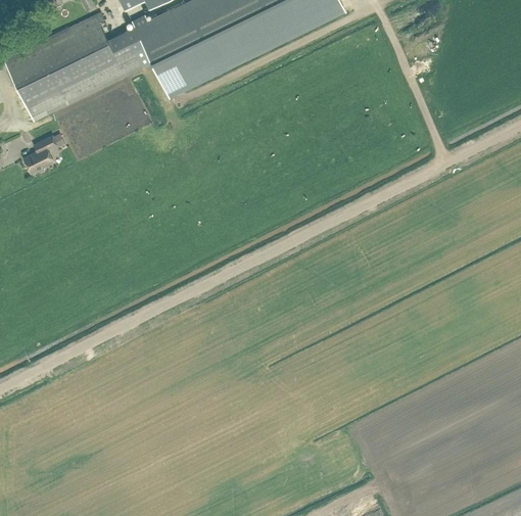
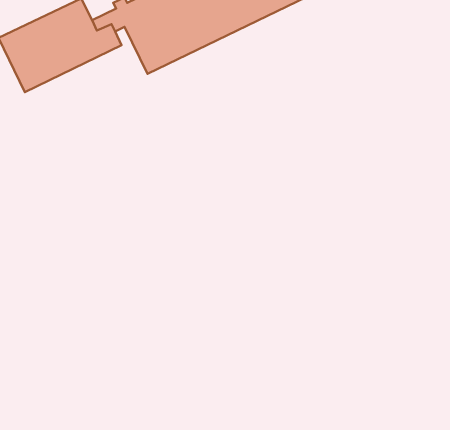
building: [23,133,65,173] -> none

